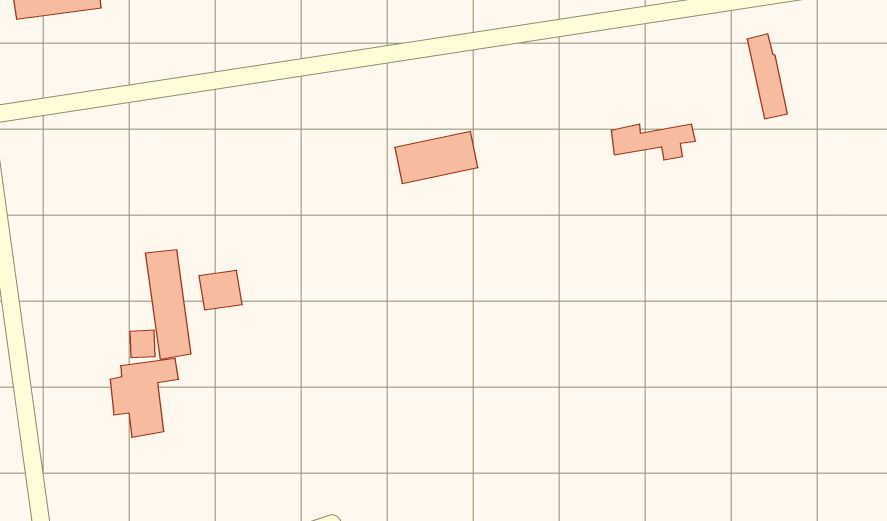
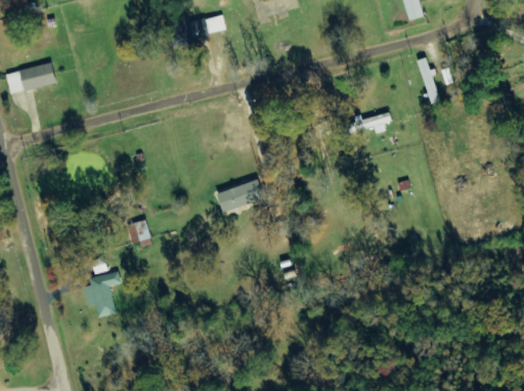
building: [395,131,478,183] -> [218,179,265,212]
building: [146,250,191,359] -> none

